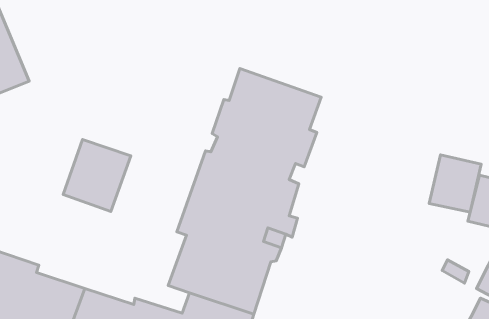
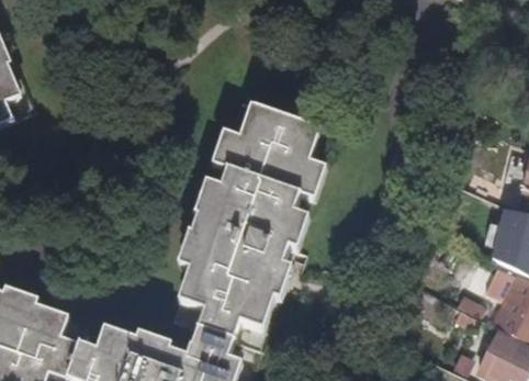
building: [63,140,131,211] -> none
building: [429,155,481,212] -> none

